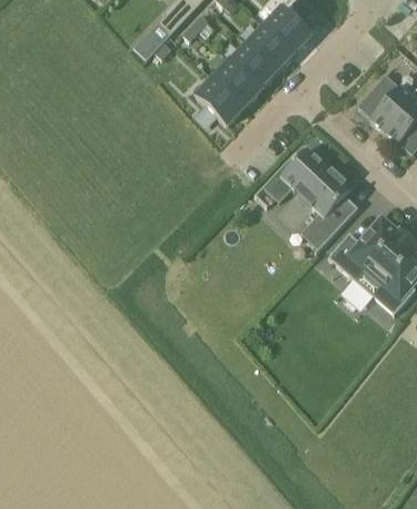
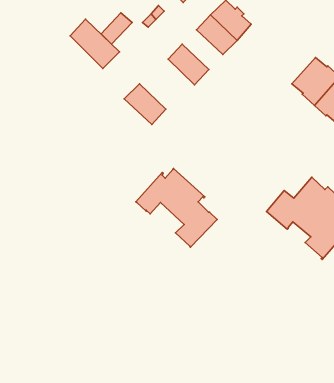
building: none -> [70,19,119,68]
building: [229,42,277,89] -> none
building: [195,77,244,125] -> [124,84,166,124]
building: [262,147,358,239] -> [136,169,217,247]

